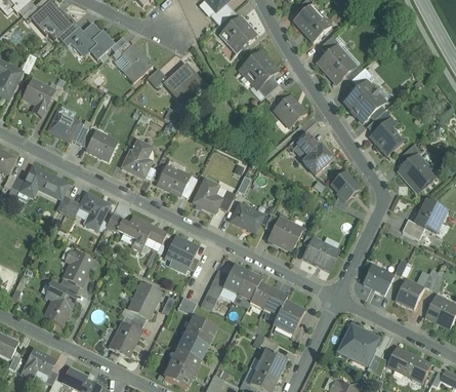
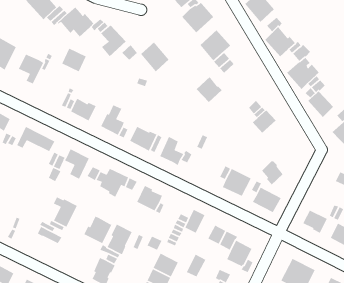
building: [274,95,305,127] -> [196,76,223,103]
building: [47,111,78,141] -> [61,48,87,73]
building: [331,171,358,201] -> [261,161,283,185]
building: [230,203,262,232] -> none
building: none -> [83,215,112,244]
building: [236,272,260,301] -> [186,254,206,278]
building: [43,298,71,326] -> none

